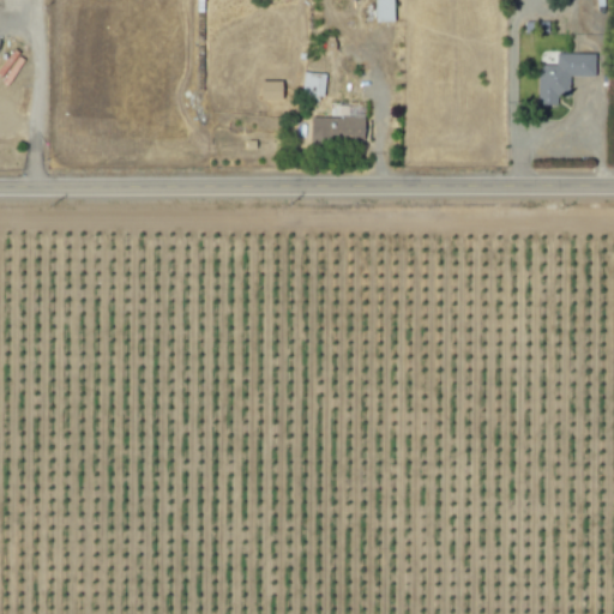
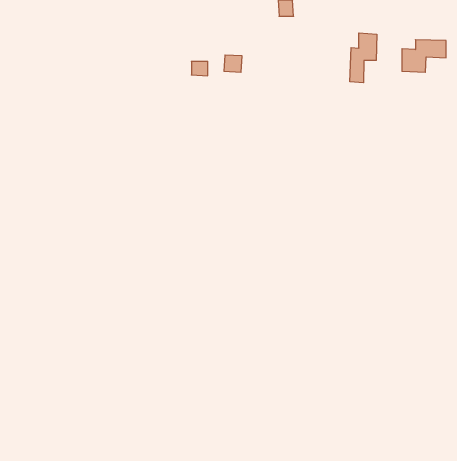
building: none -> [350,33,377,83]
building: [313,116,365,142] -> none

